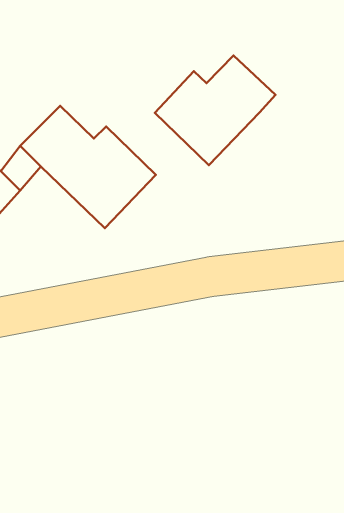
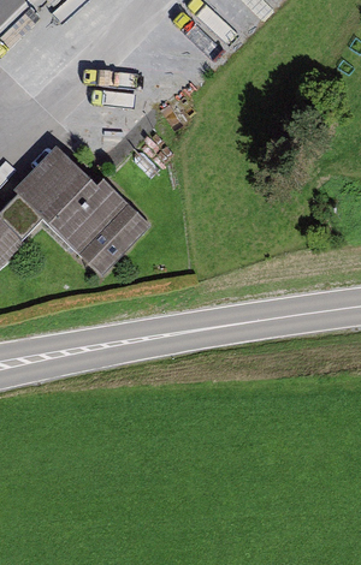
building: [155,55,276,165] -> none

